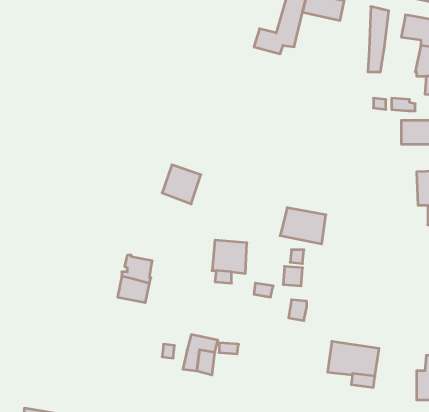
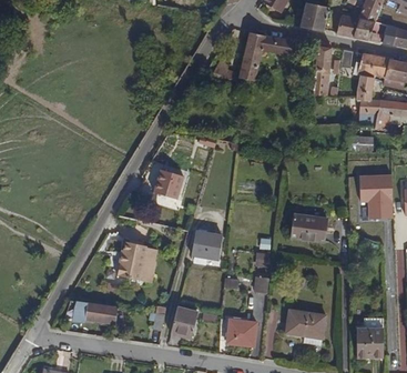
building: [280,208,326,244] -> [288,210,325,239]
building: none -> [84,302,116,325]
building: none -> [226,321,256,347]

